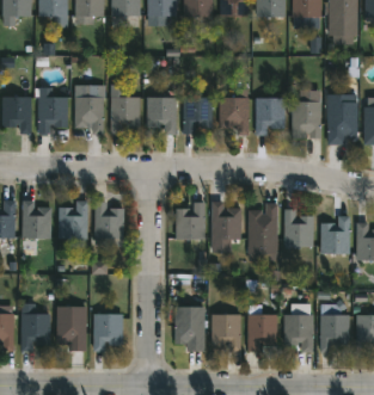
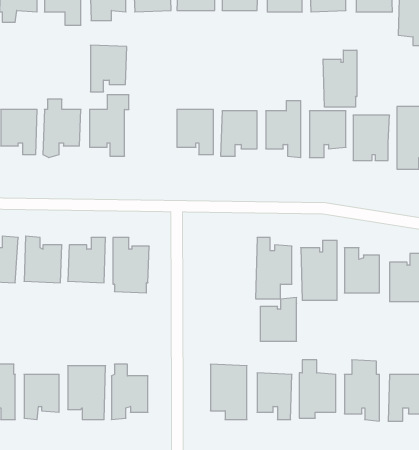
building: none -> [323,50,357,107]
building: [111,97,141,135] -> [90,45,127,92]
building: [176,202,206,237] -> [260,298,297,341]

